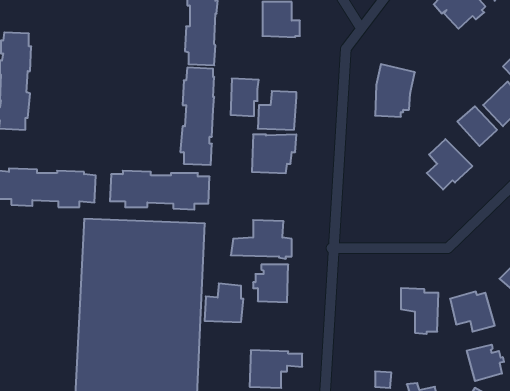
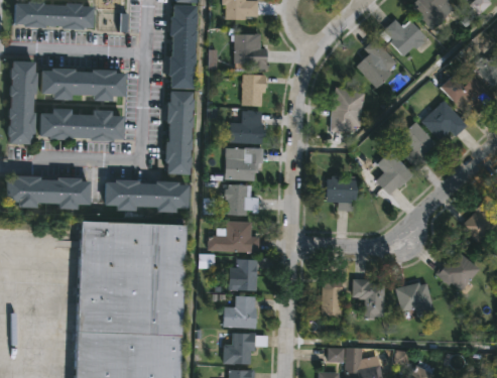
building: none -> [357,40,398,90]
building: none -> [41,67,126,100]
building: [231,79,259,116] -> [243,74,267,106]
building: none -> [39,107,124,140]
building: none -> [328,175,358,211]
building: none -> [225,184,260,215]
building: [205,283,243,322] -> [225,295,258,329]
building: none -> [323,278,348,320]
building: [467,345,504,381] -> none

